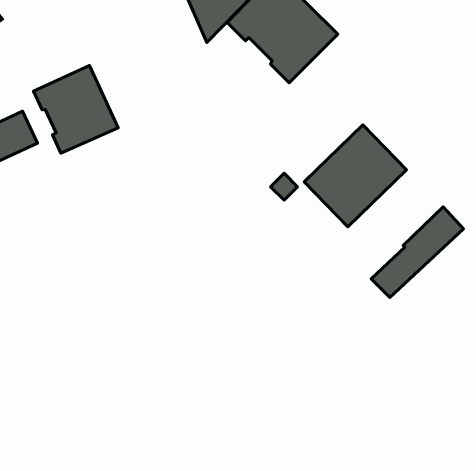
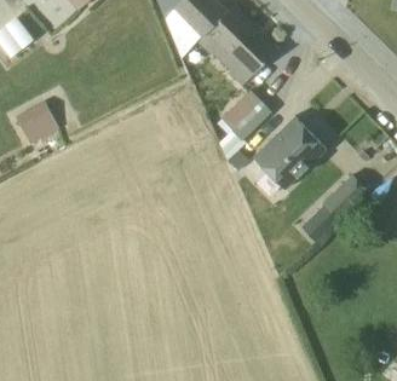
building: [33,65,118,153] -> none
building: none -> [217,90,272,156]

